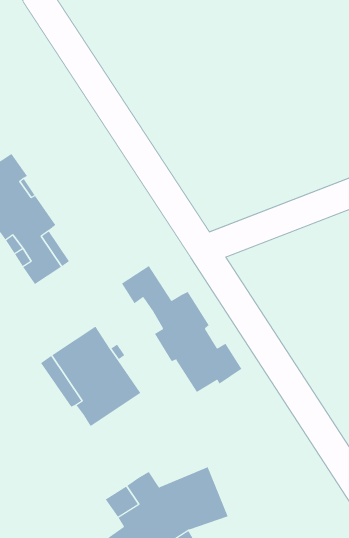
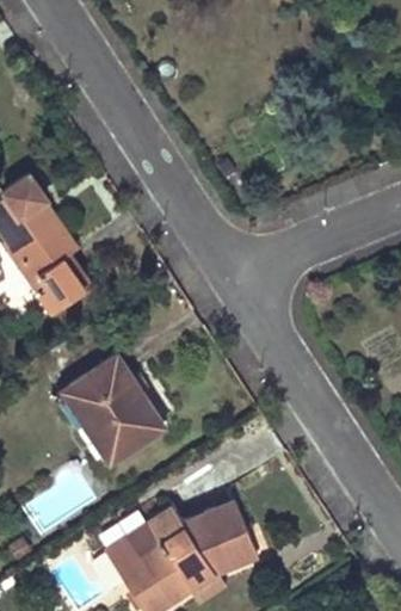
building: [121,265,242,393] -> none

